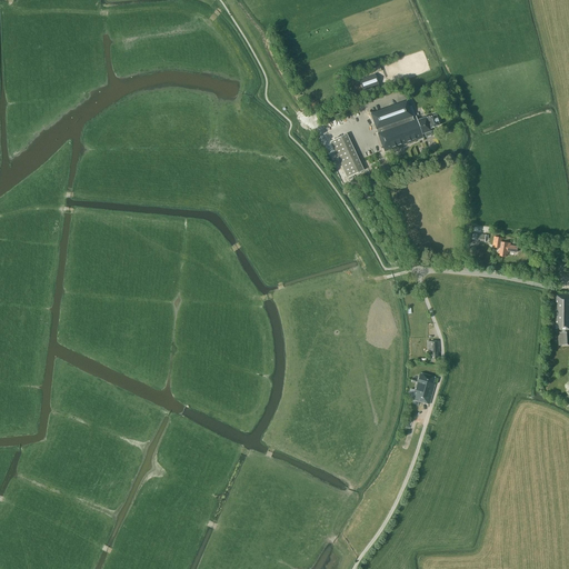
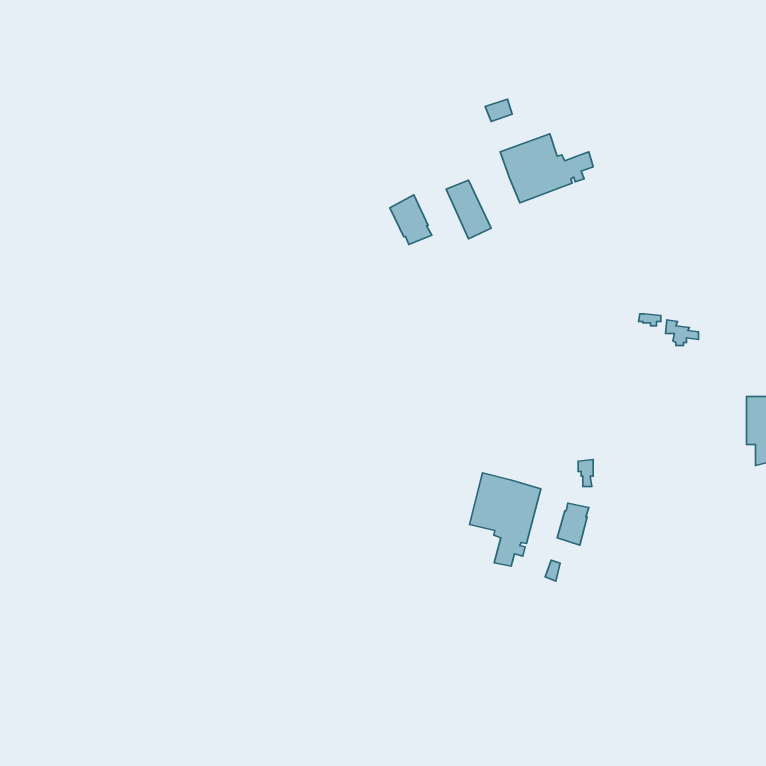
building: none -> [390,195,432,245]
building: none -> [469,473,541,566]

